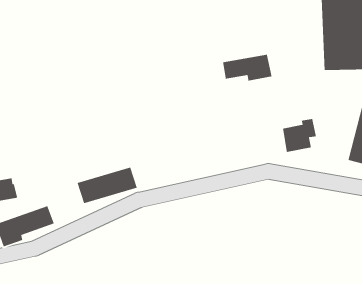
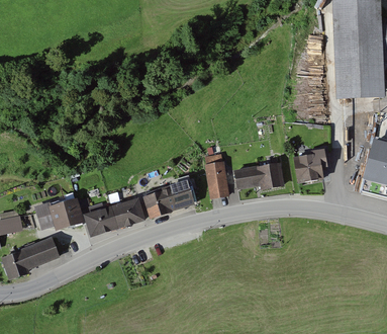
building: [222,54,273,82] -> [233,162,285,190]
building: none -> [204,152,229,198]
building: none -> [142,179,194,219]
building: none -> [33,196,84,230]

